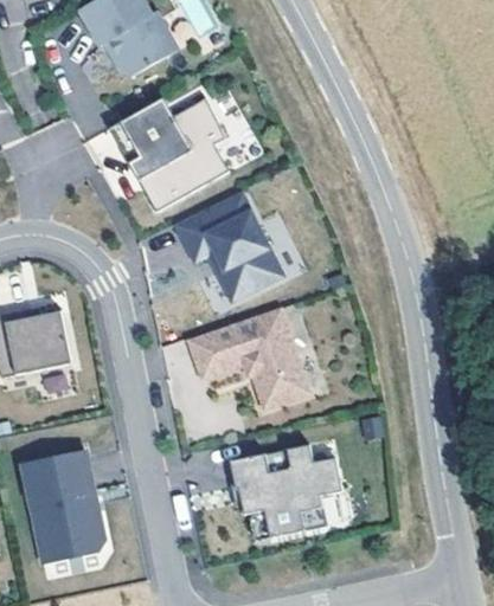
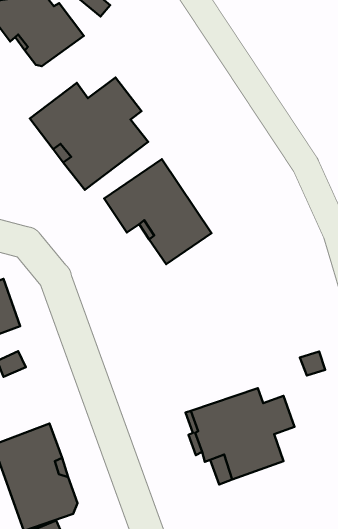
building: [187,307,310,410] -> none

